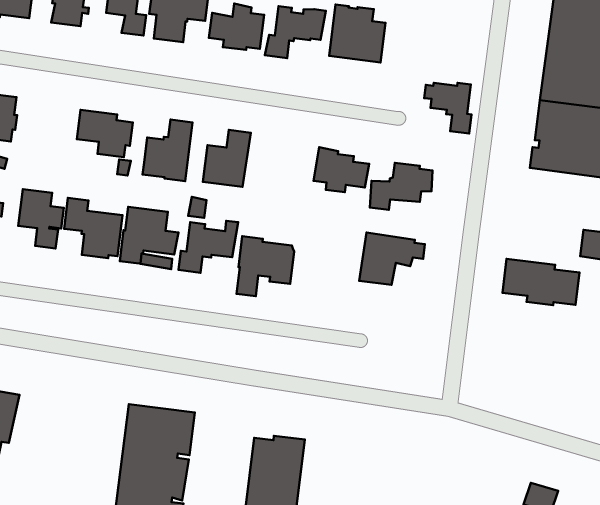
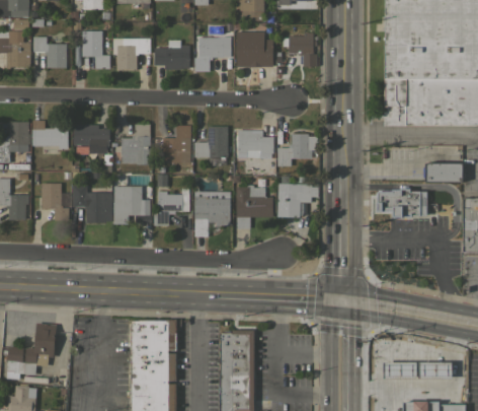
building: [424,83,472,134] -> [283,33,316,67]
building: none -> [31,121,67,149]
building: none -> [193,126,227,157]
building: none -> [236,185,272,228]

